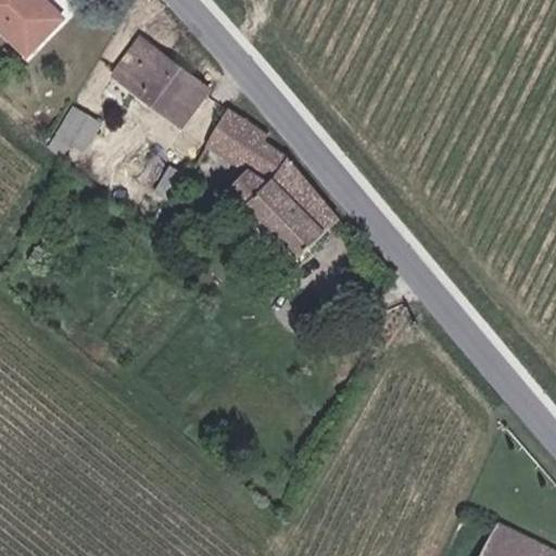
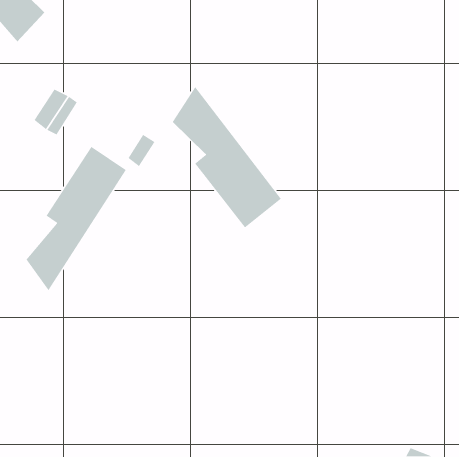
building: [115,47,208,125] -> none
building: none -> [26,146,127,291]

